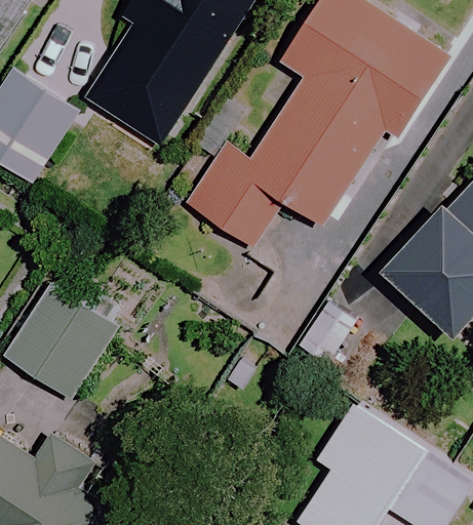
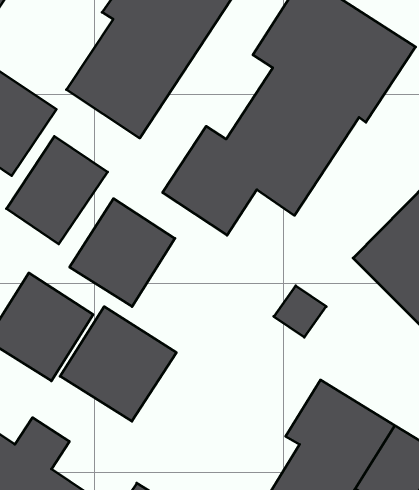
building: none -> [6,136,108,244]
building: none -> [70,199,175,307]
building: none -> [60,307,176,421]

